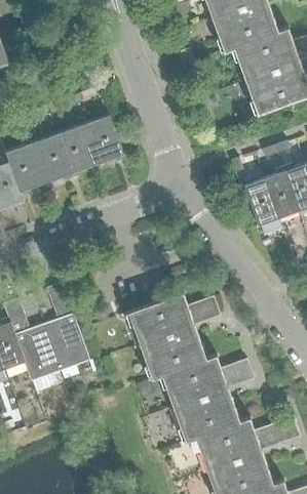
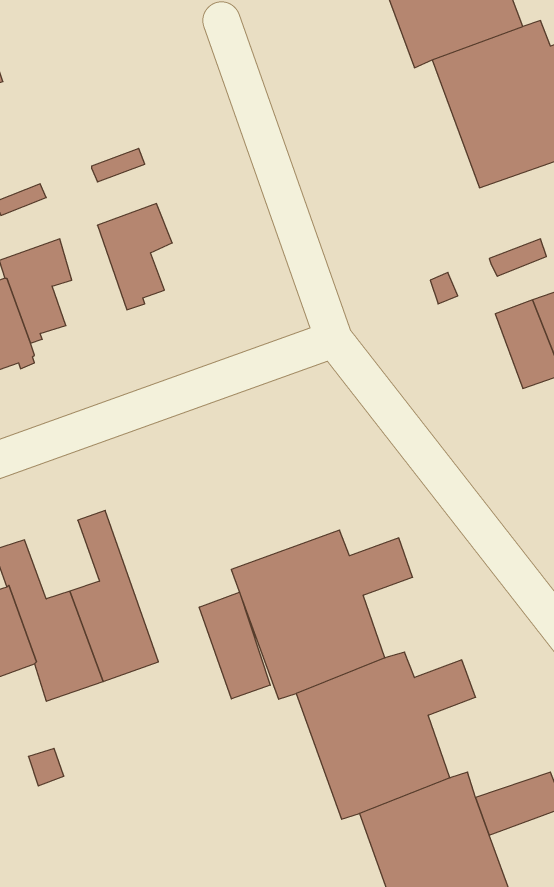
building: [84,114,123,167] -> none
building: [33,133,72,186] -> none
building: [243,179,278,227] -> none
building: none -> [199,592,270,699]

